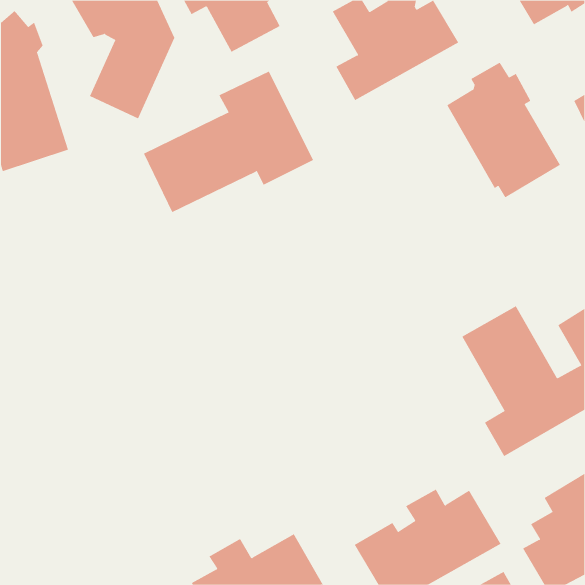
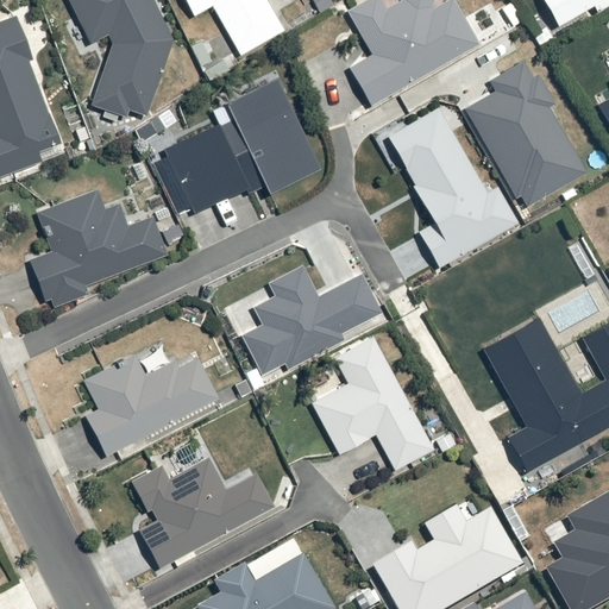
building: none -> [384,107,516,268]
building: none -> [31,186,171,301]
building: none -> [238,264,379,377]
building: none -> [310,335,433,471]
building: none -> [88,339,222,453]
building: none -> [137,442,278,564]

